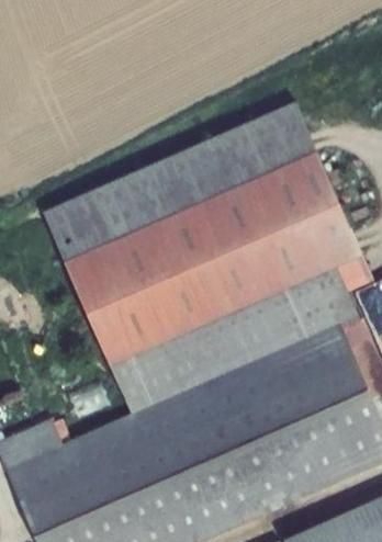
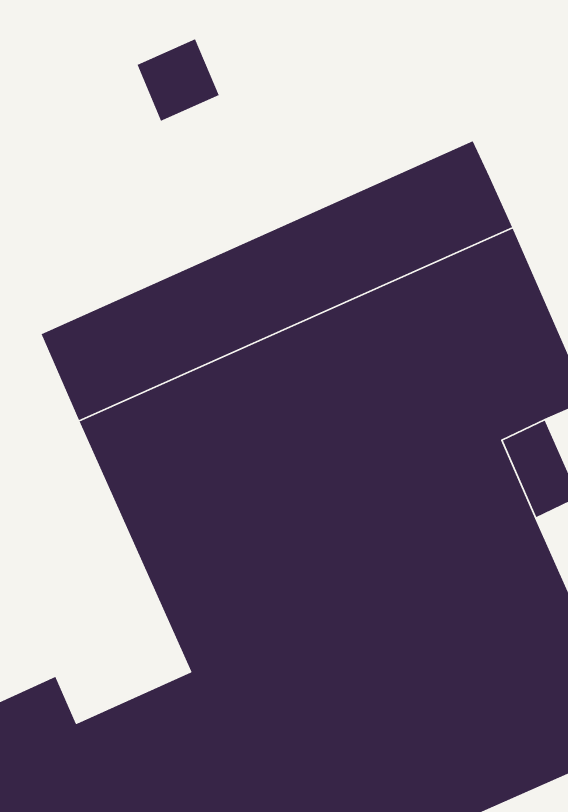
building: none -> [136,38,220,122]

